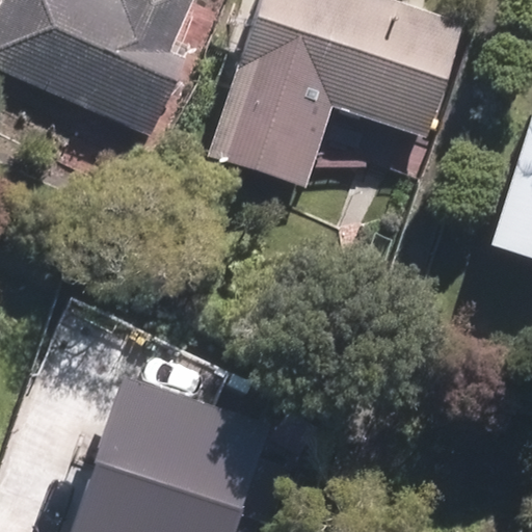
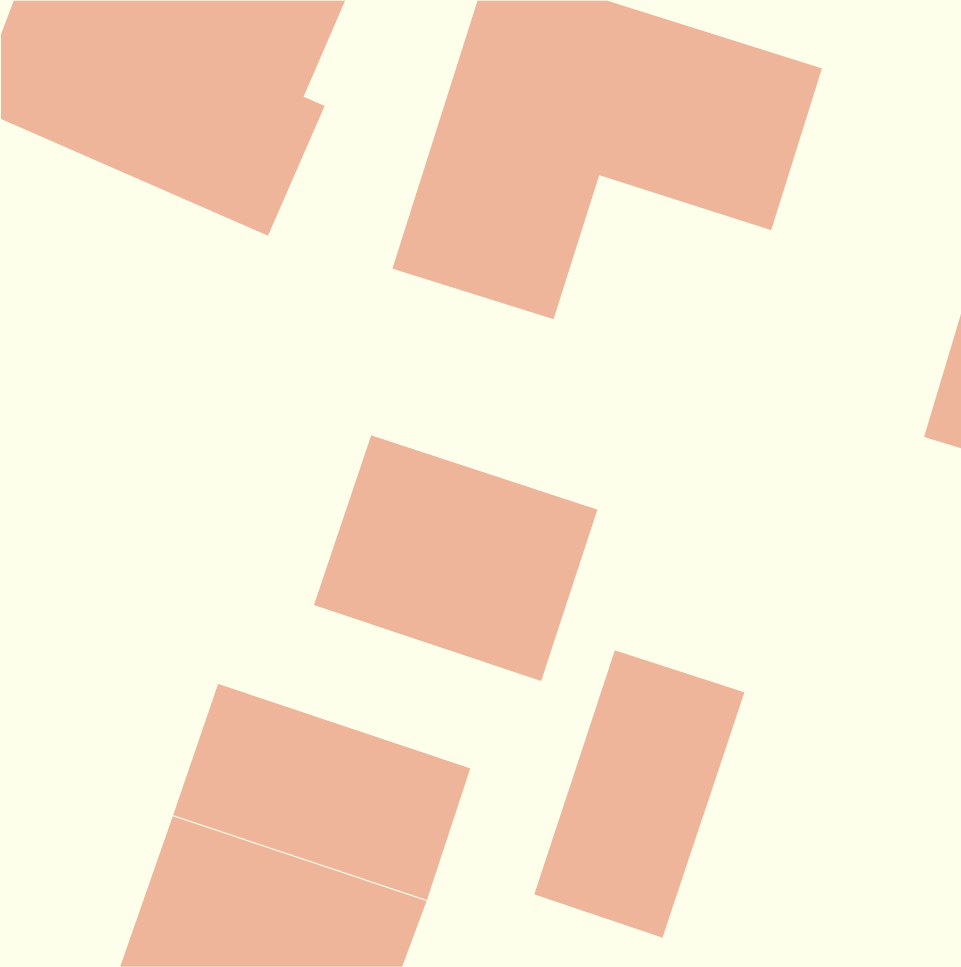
building: none -> [313,434,598,682]
building: none -> [533,650,745,939]

